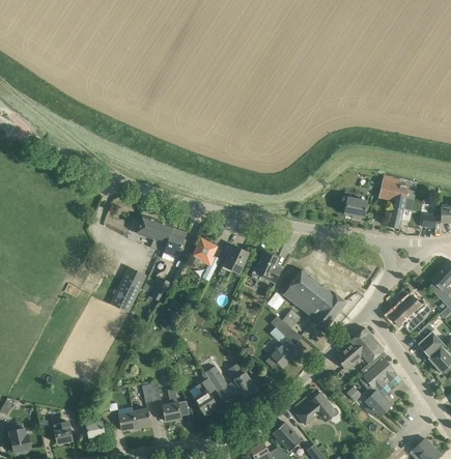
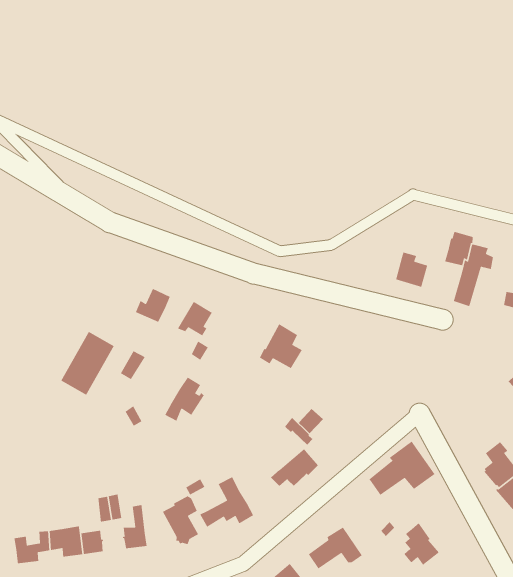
building: [135,217,173,251] -> none
building: [219,246,247,279] -> [164,376,205,422]
building: [283,269,346,328] -> none
building: [389,294,430,332] -> none
building: [359,351,402,397] -> none

